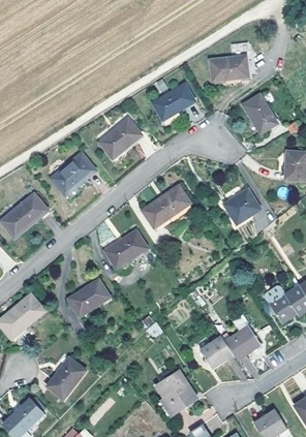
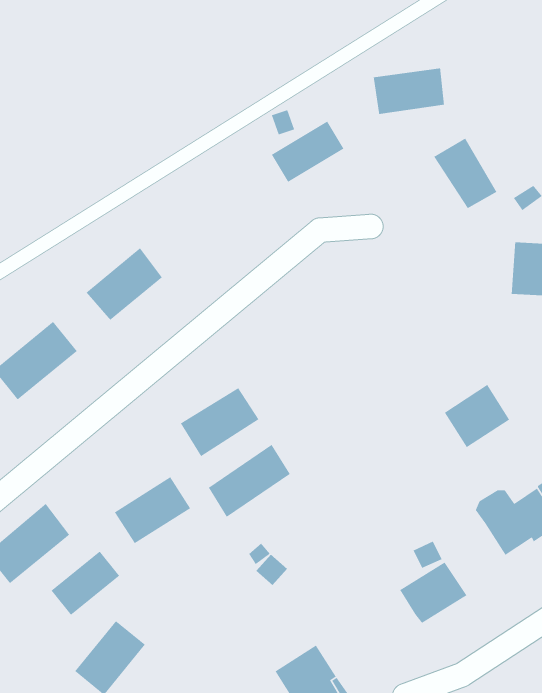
building: [100,119,142,159] -> none
building: [145,186,190,226] -> [208,444,291,518]
building: [224,189,261,224] -> [444,384,510,448]
building: none -> [50,550,120,616]
building: [201,336,233,368] -> none

